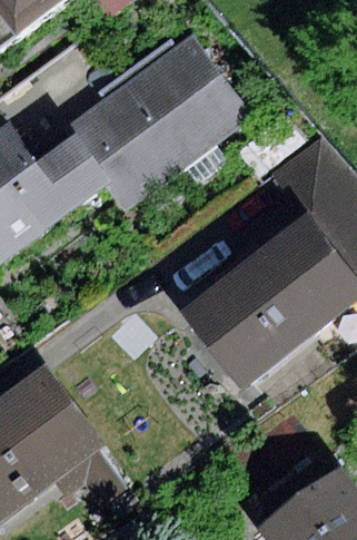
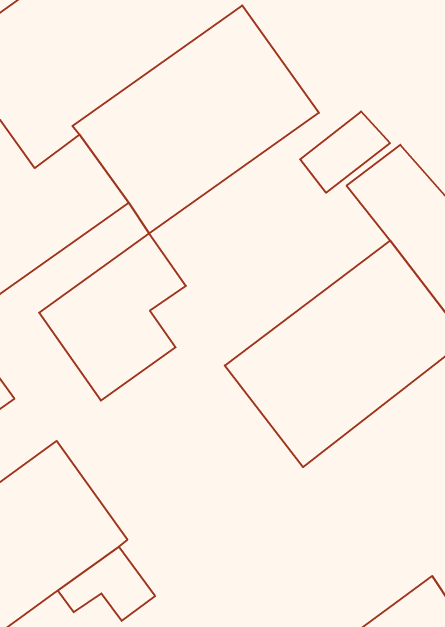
building: none -> [39,233,186,401]

